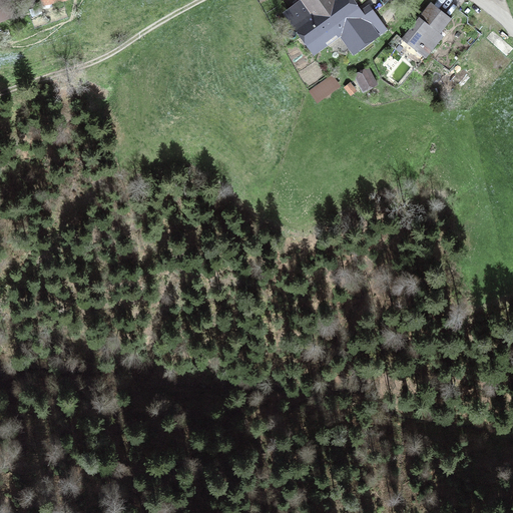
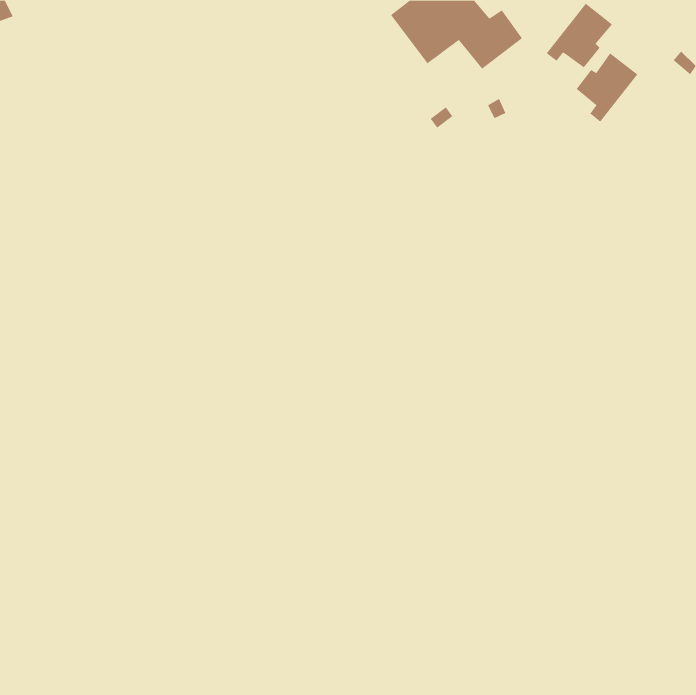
building: none -> [576,53,638,123]

